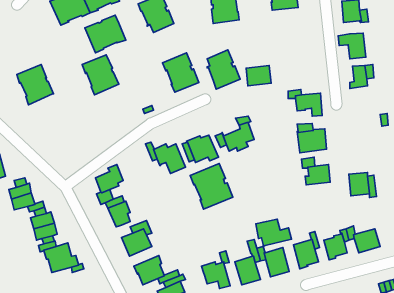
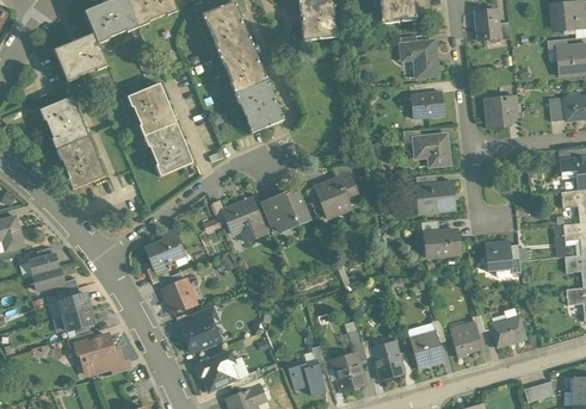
building: [85,15,126,53] -> [53,32,107,82]
building: [338,33,366,59] -> [400,41,437,75]
building: [207,50,240,89] -> [222,41,266,93]
building: [246,65,271,86] -> [409,91,443,118]
building: none -> [143,122,192,175]
building: none -> [56,135,104,188]
building: [190,163,233,209] -> none
building: [256,219,291,247] -> none

